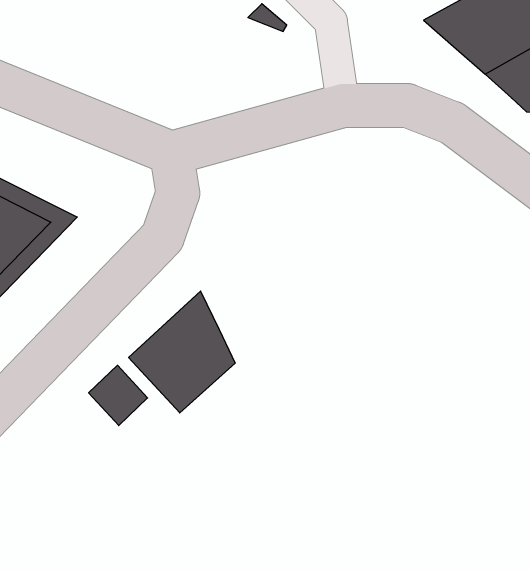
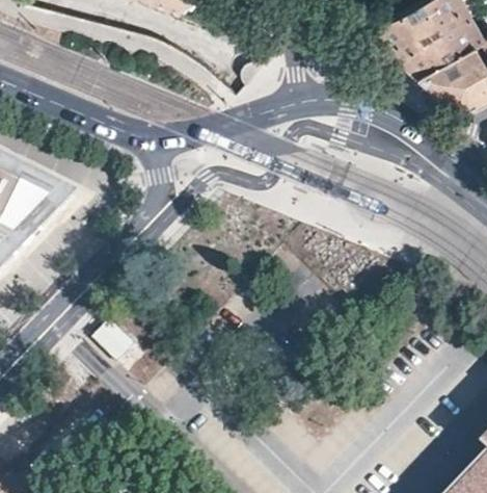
building: [129,291,235,413] -> none

